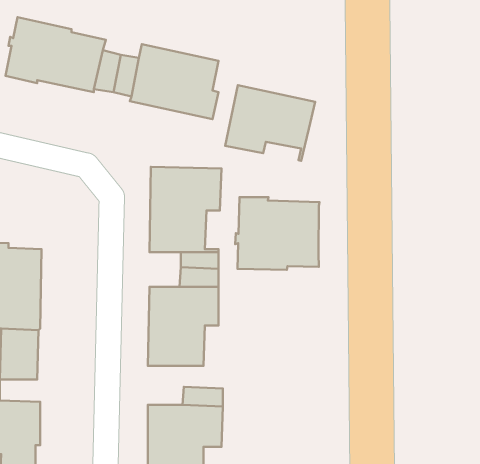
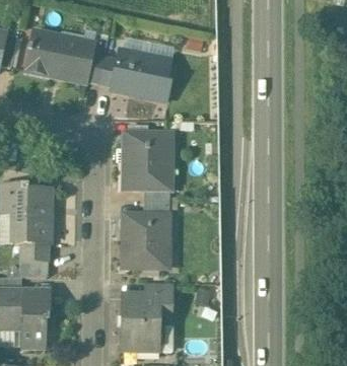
building: [225,85,315,161] -> none
building: [235,197,320,270] -> none

